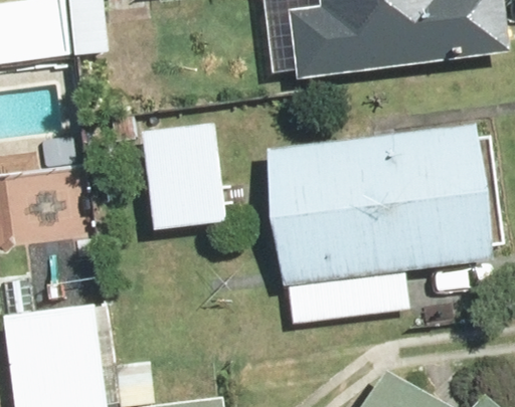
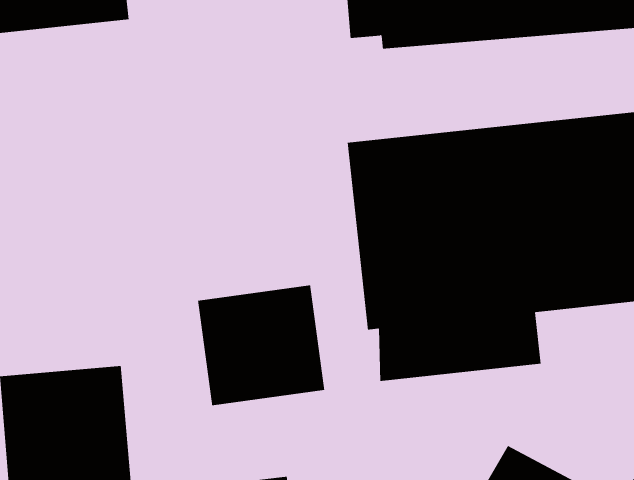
building: [134,117,237,237] -> none
building: none -> [197,284,325,406]

